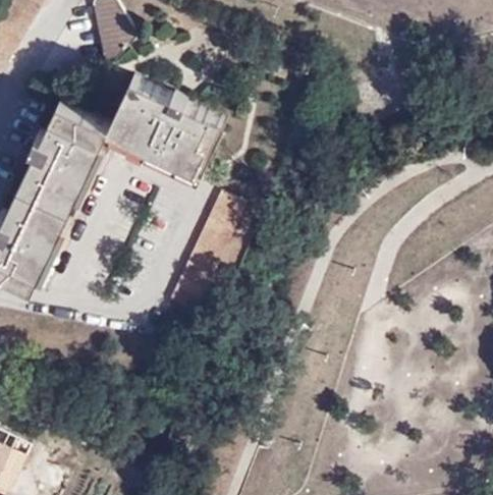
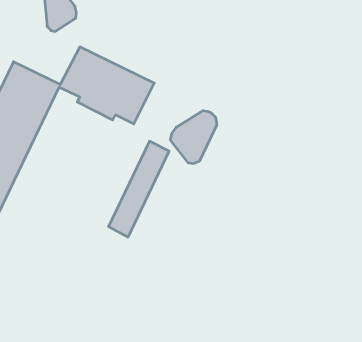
building: none -> [171,111,217,164]

